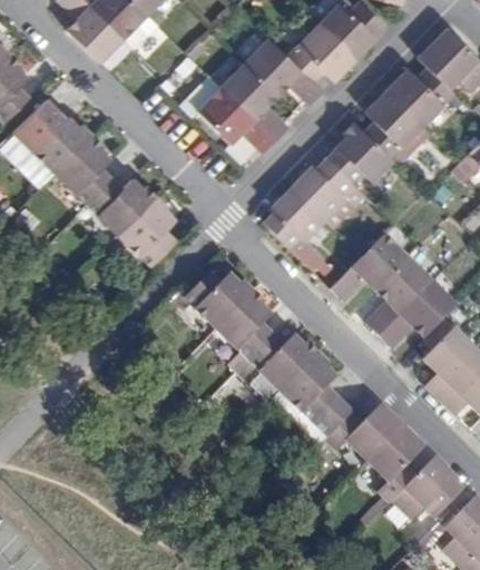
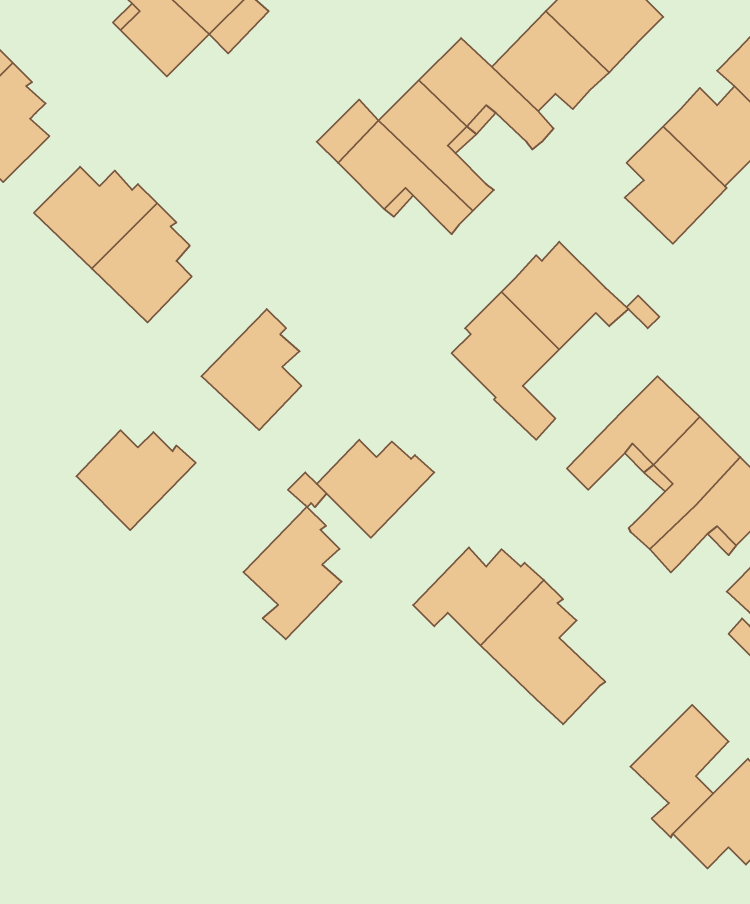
building: [326,122,393,184] -> none
building: [88,177,157,235] -> [76,430,196,530]
building: [217,291,274,367] -> [243,507,342,639]
building: [326,404,403,461] -> none

